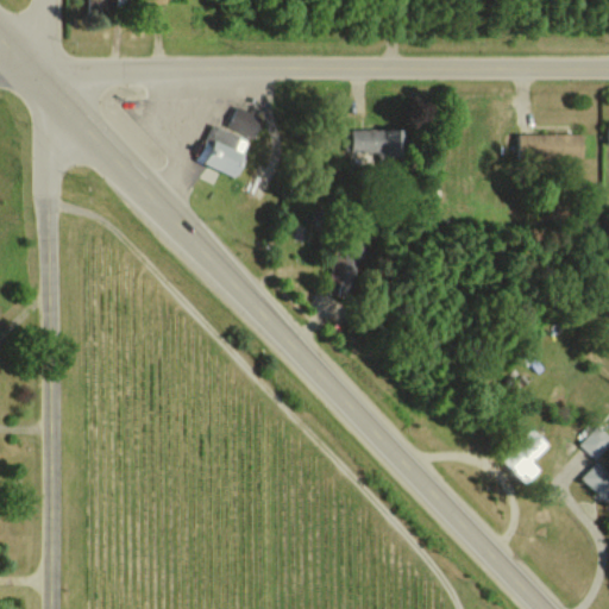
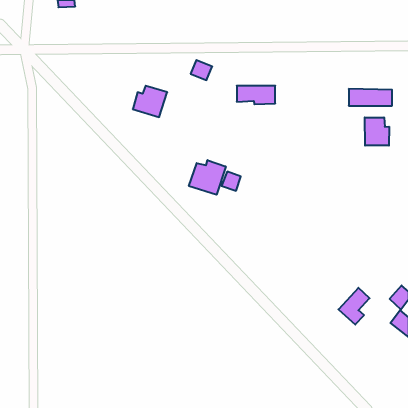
building: [228,108,260,138] -> [191,60,212,80]
building: none -> [365,117,389,146]
building: none -> [189,160,226,195]

